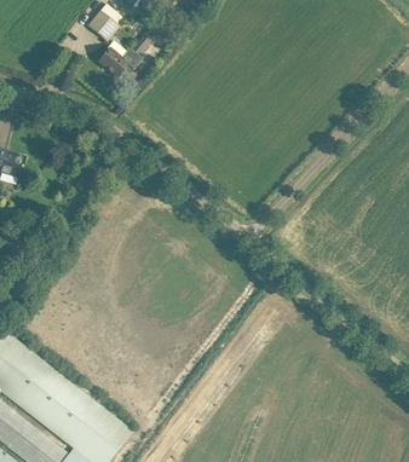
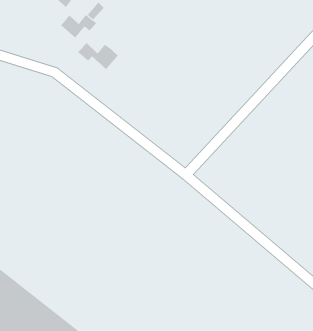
building: none -> [77,42,119,70]

